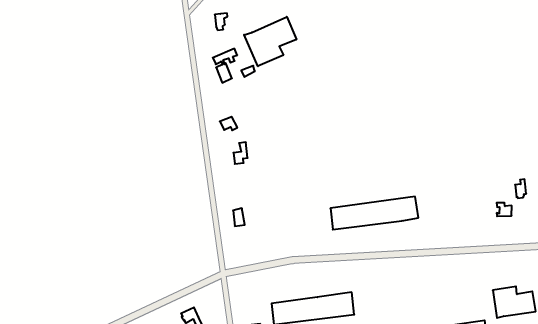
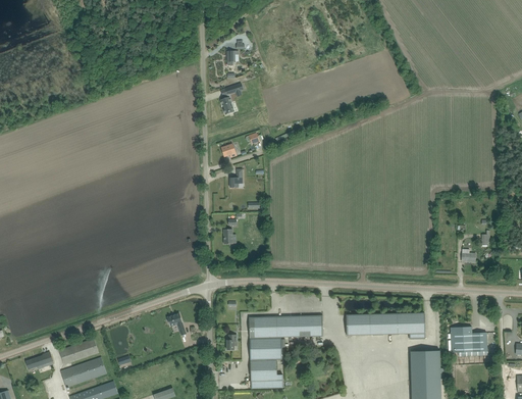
building: [244,17,296,66] -> none
building: [330,197,418,230] -> [346,312,424,334]

